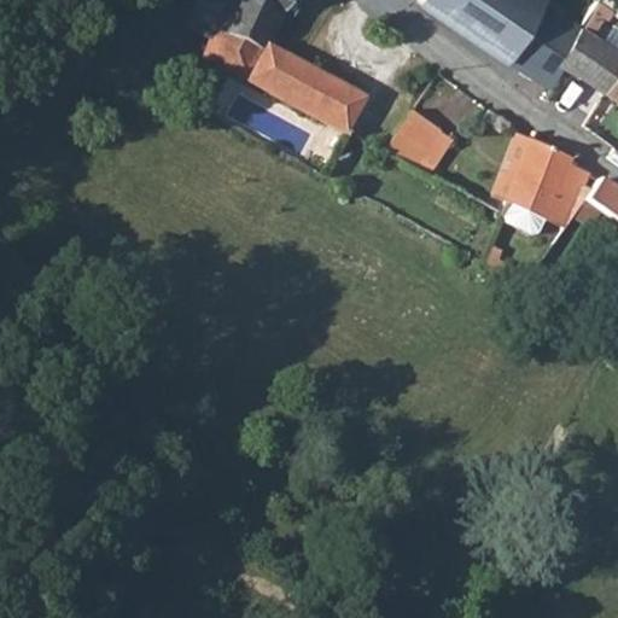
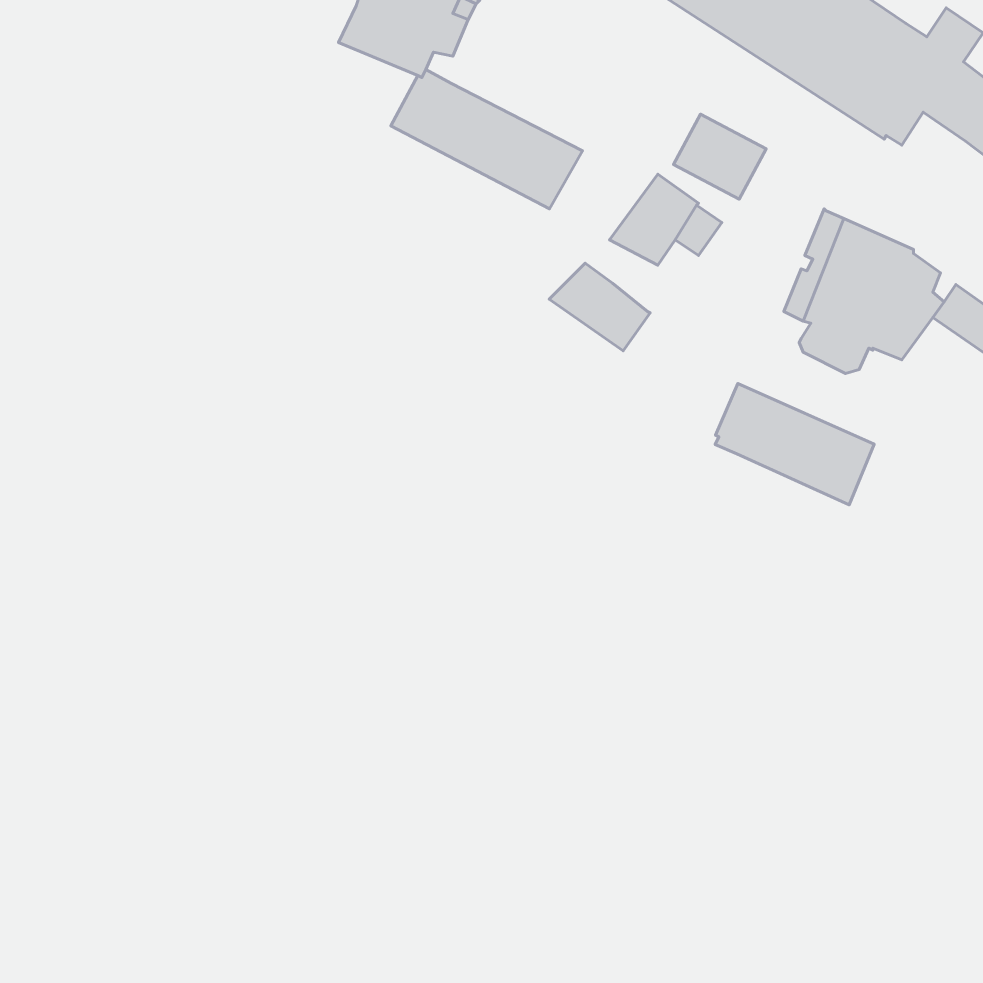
building: [202,27,264,78] -> none
building: none -> [549,263,650,351]
building: none -> [715,383,874,505]

